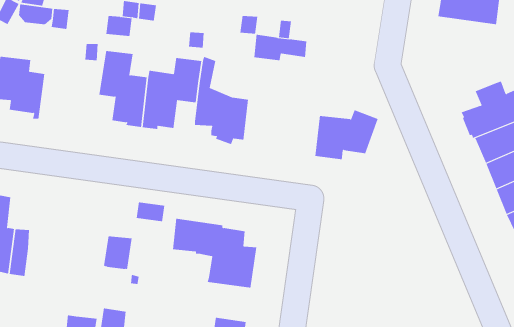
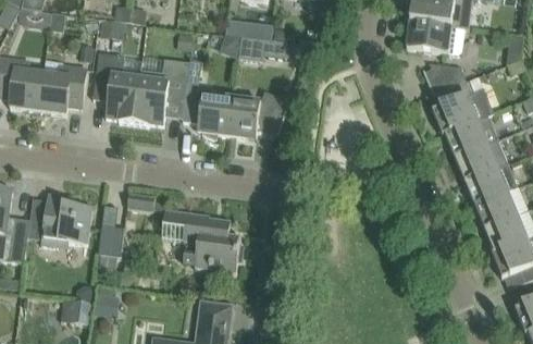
building: none -> [406,19,464,52]
building: none -> [423,62,466,94]
building: none -> [37,63,86,115]
building: [315,110,379,160] -> [228,90,288,137]
building: none -> [40,193,91,245]

